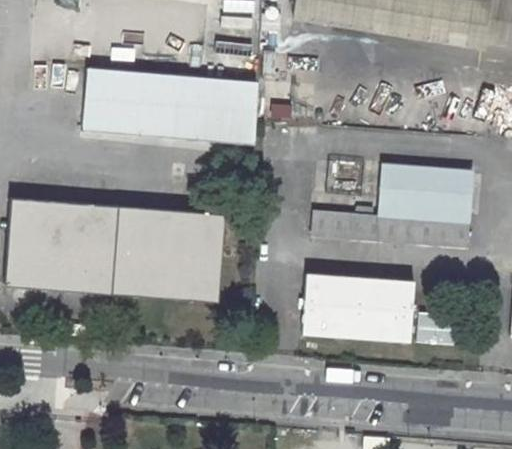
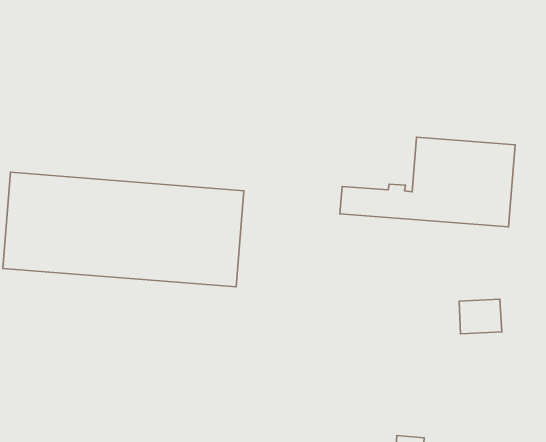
building: [82,75,257,145] -> none
building: [302,274,414,342] -> none

